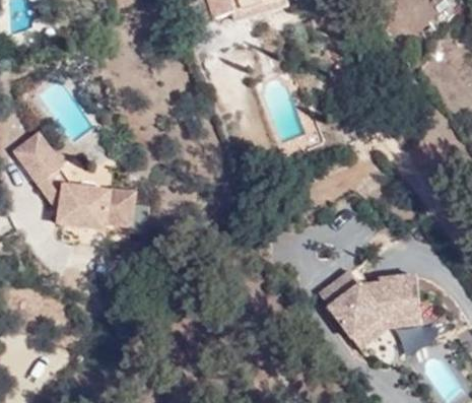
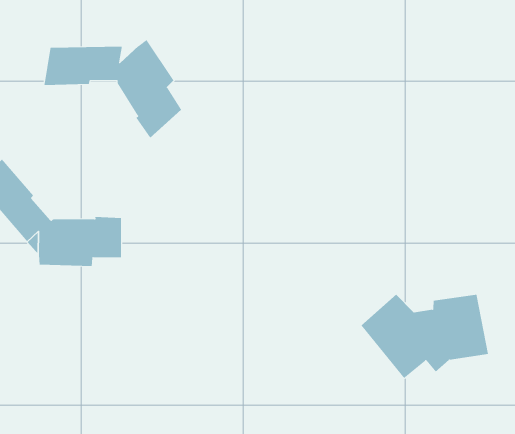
building: none -> [44,39,182,138]

